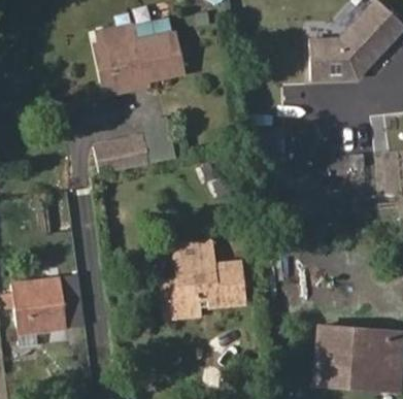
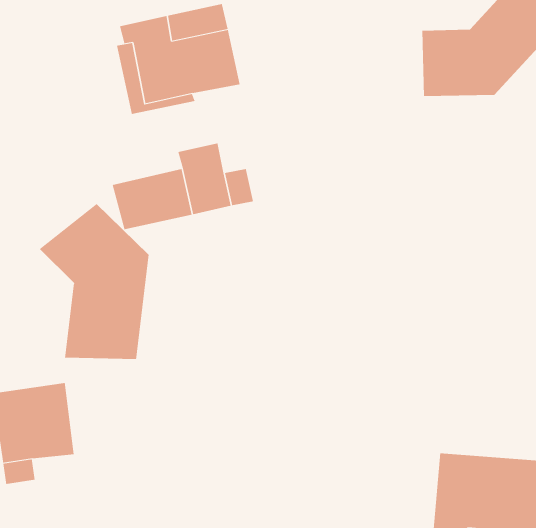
building: none -> [39,203,149,360]
building: [164,240,243,318] -> none

